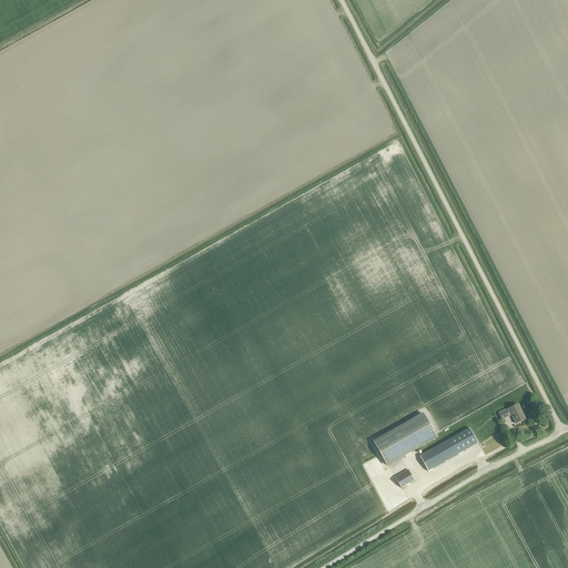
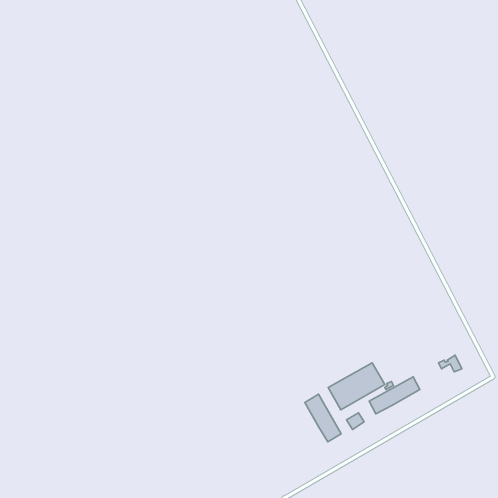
building: none -> [305,394,341,442]

